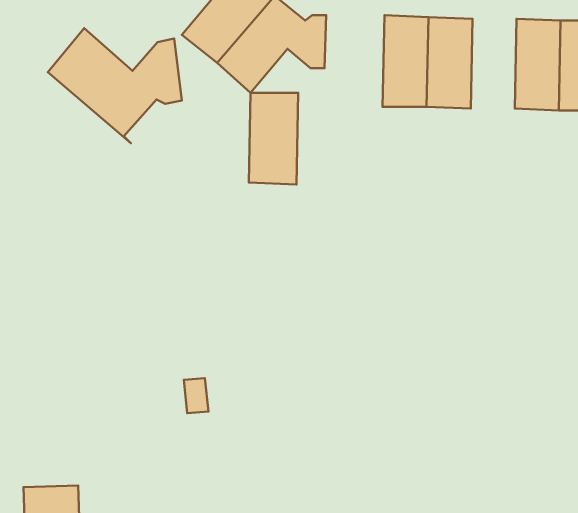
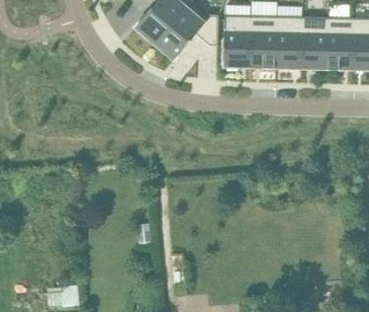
building: none -> [300,16,327,68]
building: [48,28,182,143] -> none
building: [249,93,298,184] -> [222,14,251,67]

